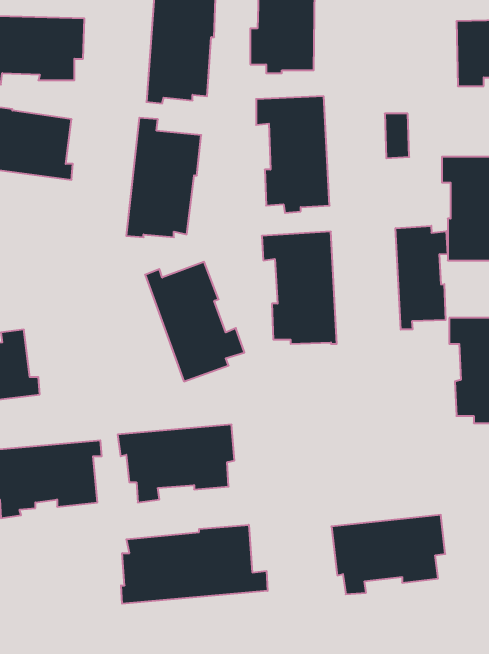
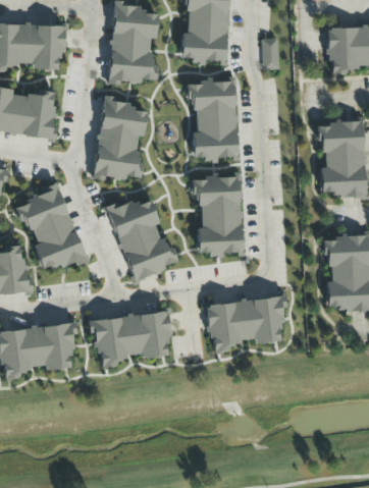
building: [385,114,409,158] -> [263,38,280,69]
building: [396,226,448,330] -> none
building: none -> [19,184,88,271]
building: [331,515,445,594] -> [206,295,286,351]
building: [121,525,268,604] -> none

